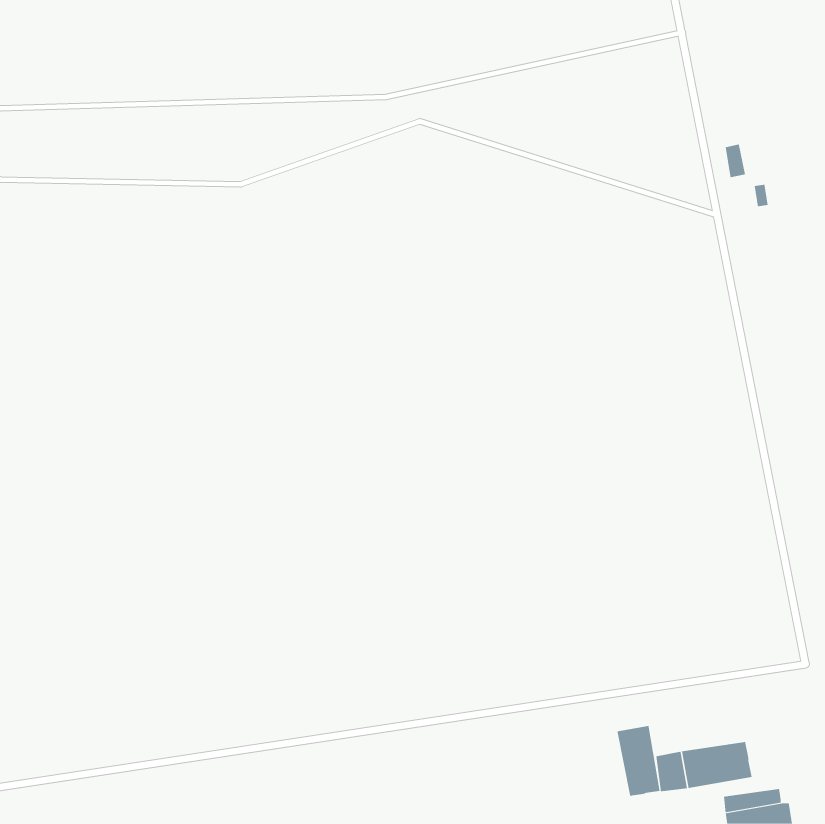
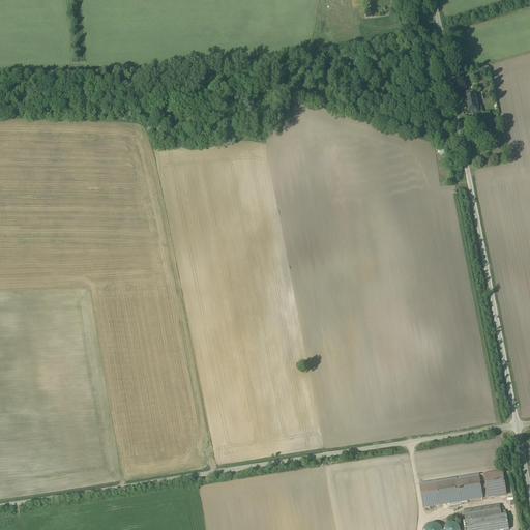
building: [617,725,660,797] -> none
building: none -> [483,471,506,497]

